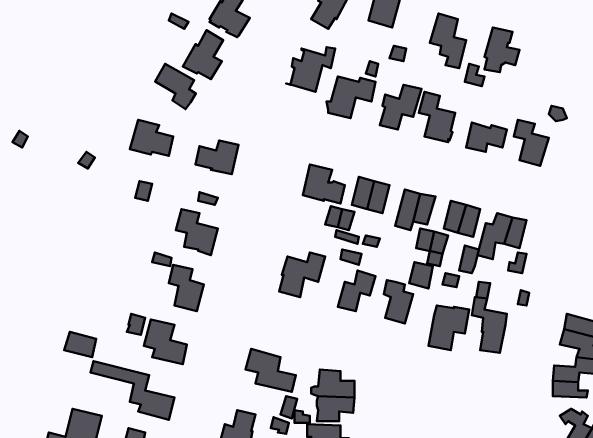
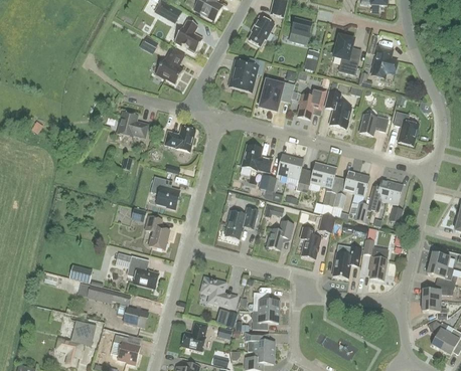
building: [155,64,196,109] -> none

